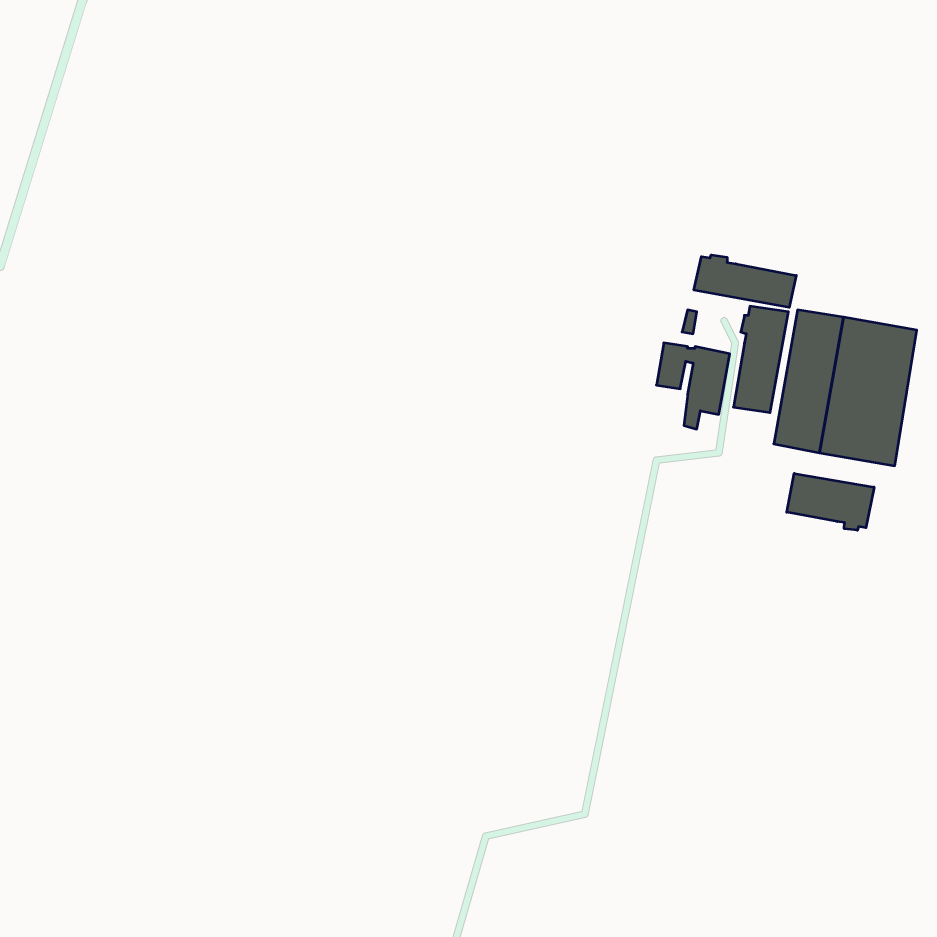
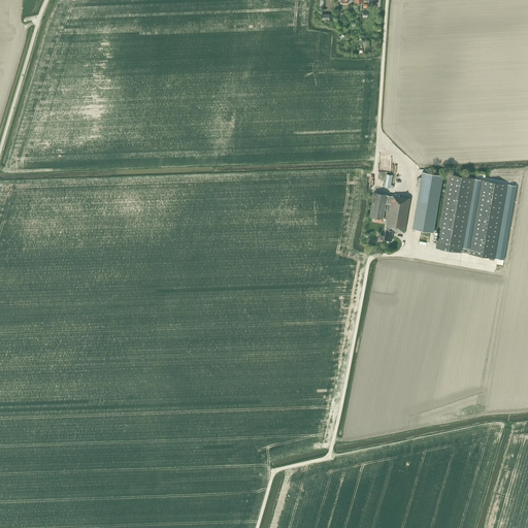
building: [694,255,796,307] -> none
building: [787,473,874,530] -> none

